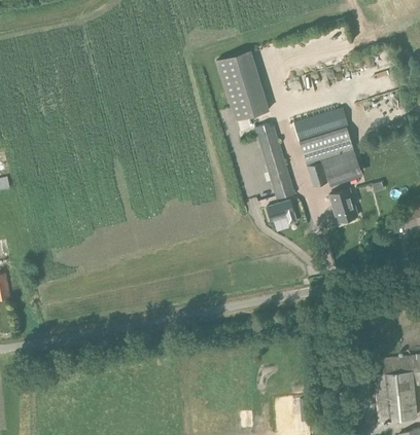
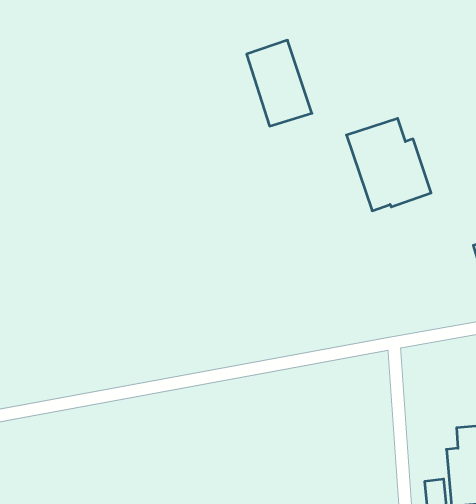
building: [256,126,295,200] -> none
building: [329,190,357,223] -> none
building: [265,202,294,224] -> none

